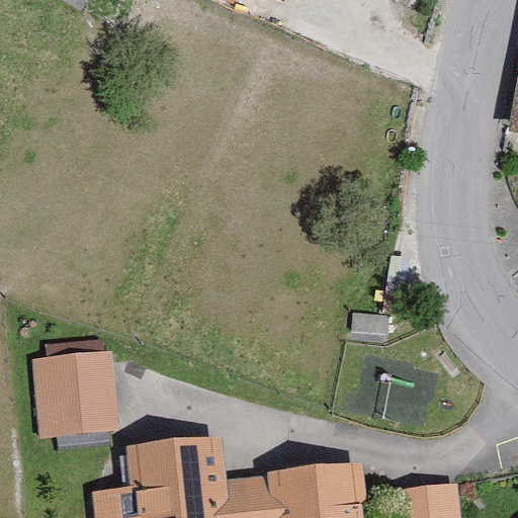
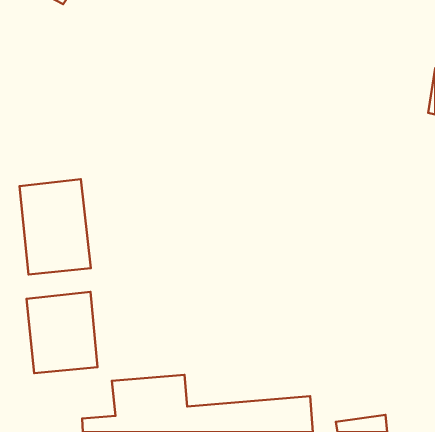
building: none -> [19,179,91,274]

